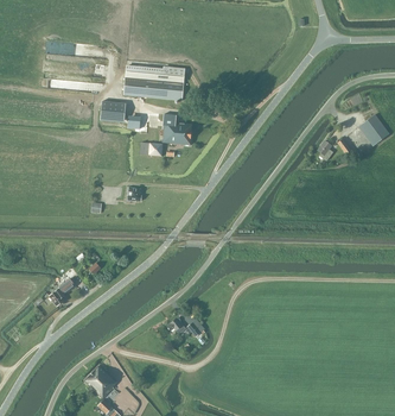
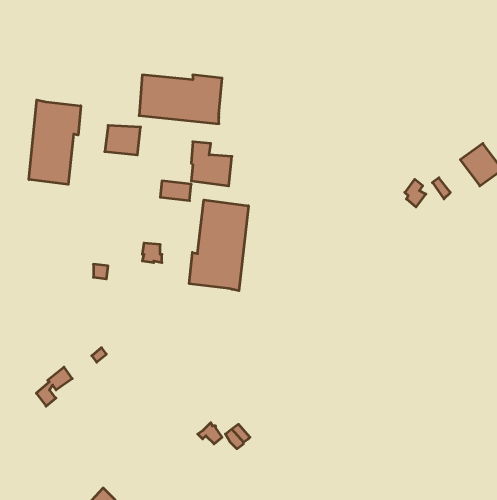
building: none -> [29,100,81,184]
building: none -> [189,200,248,291]

